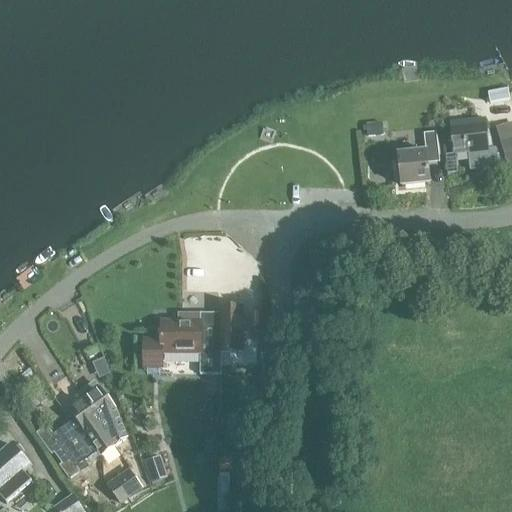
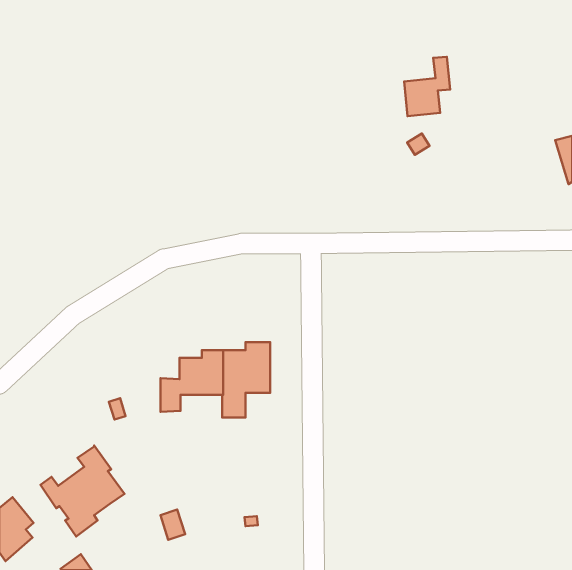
building: [449,117,496,169] -> none
building: [397,131,438,184] -> [404,57,450,116]
building: [80,382,126,454] -> none
building: [107,468,141,501] -> none

